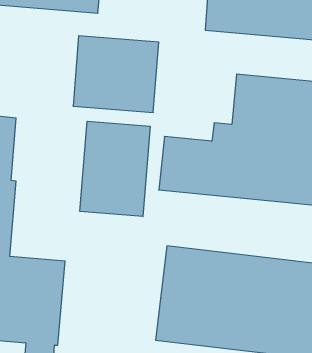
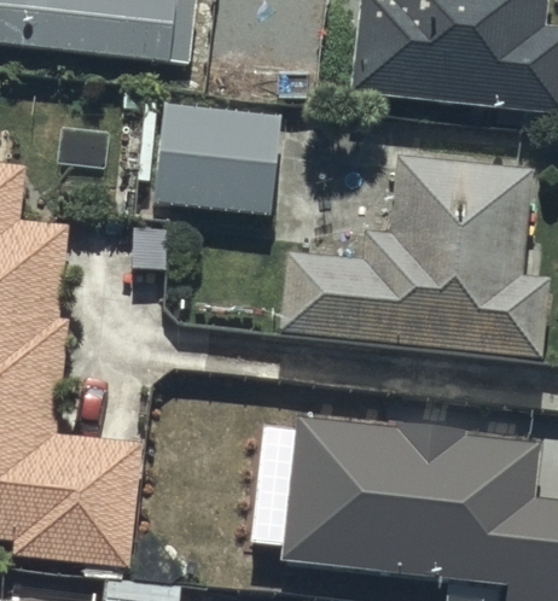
building: [80,121,150,217] -> none

